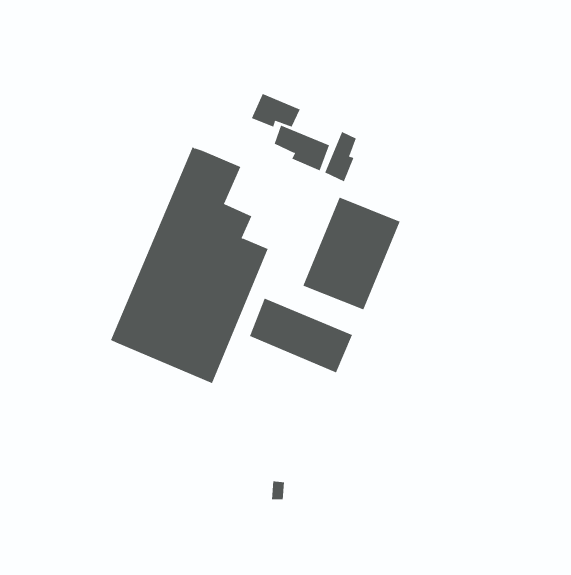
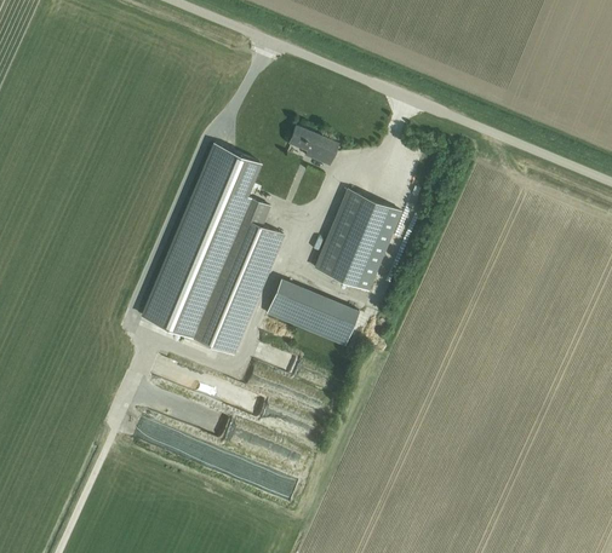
building: [251,93,300,127] -> none
building: [324,131,356,182] -> none

